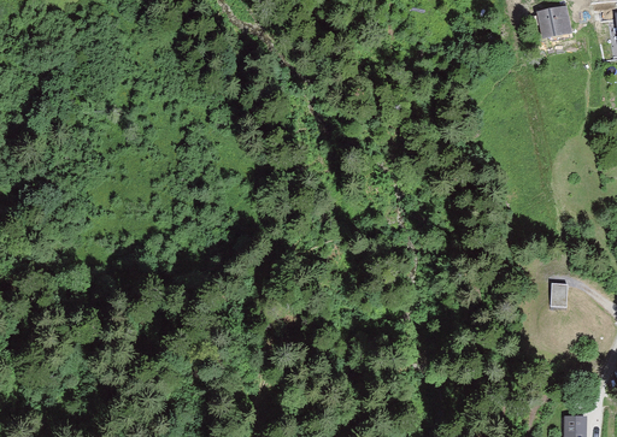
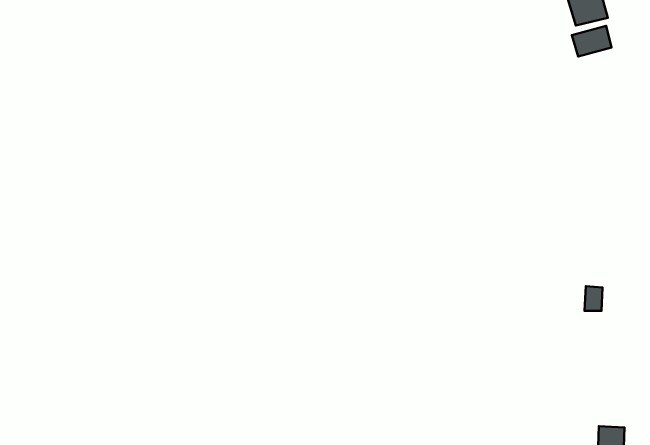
building: none -> [572,26,611,57]

